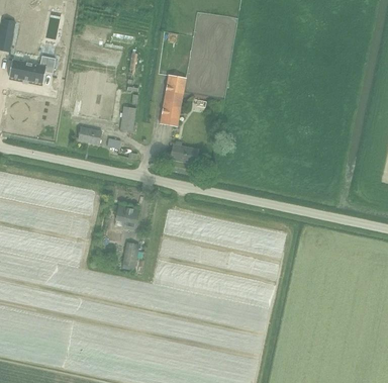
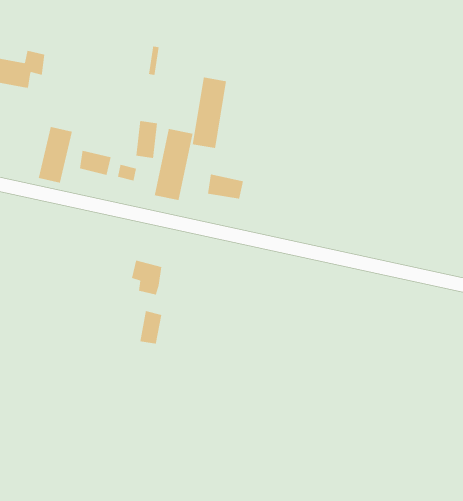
building: none -> [38,126,73,183]
building: none -> [154,128,193,201]

